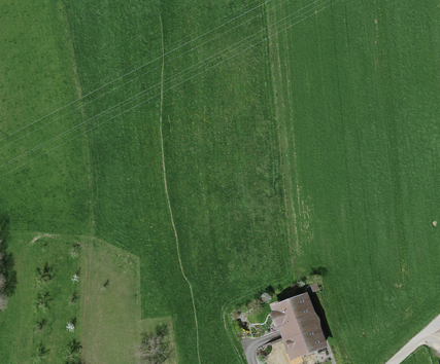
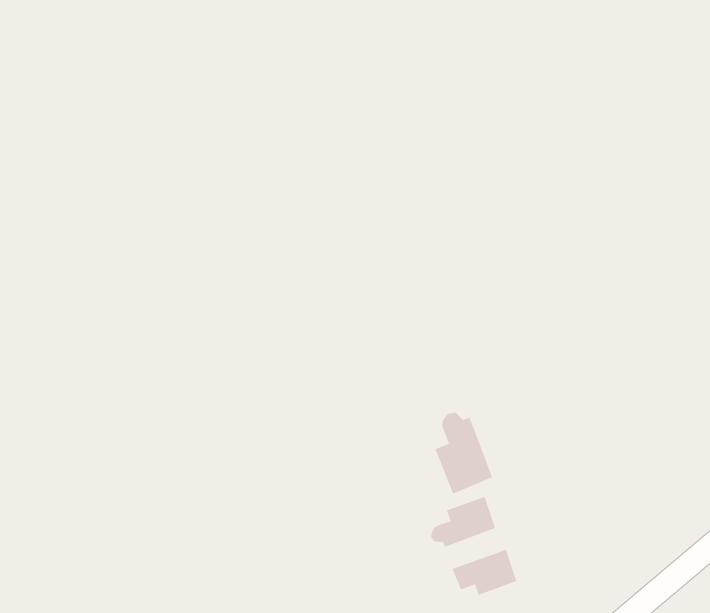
building: none -> [435,412,493,494]

